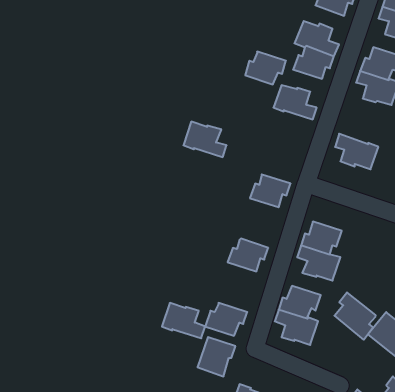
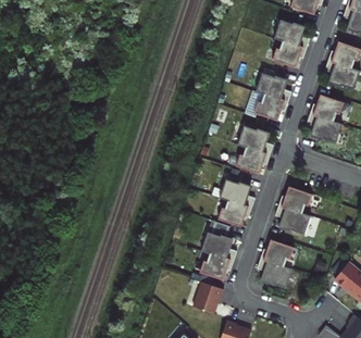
building: [245,52,286,84] -> [254,93,288,121]
building: none -> [310,95,344,122]
building: [183,122,227,157] -> [237,125,273,154]
building: none -> [219,178,254,208]
building: [334,292,376,340] -> none
building: [162,303,205,338] -> [201,231,237,261]

